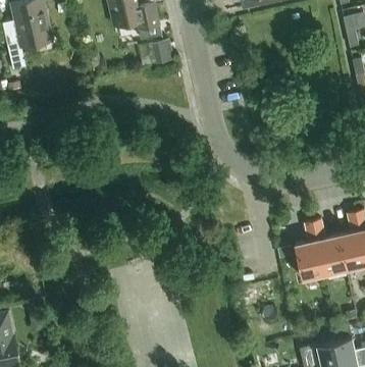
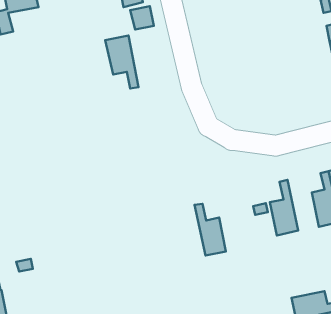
building: none -> [105,35,139,89]
building: [312,219,345,273] -> [195,204,226,256]

